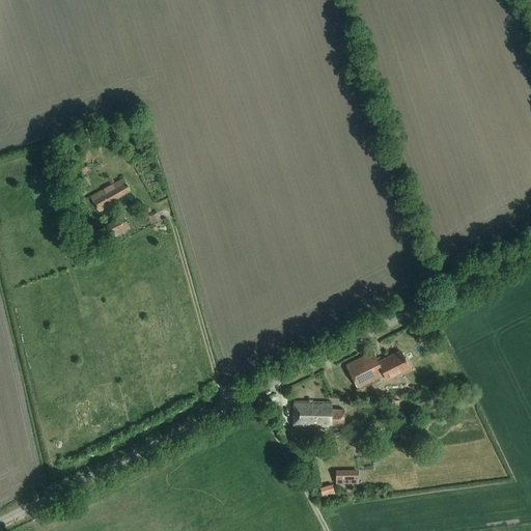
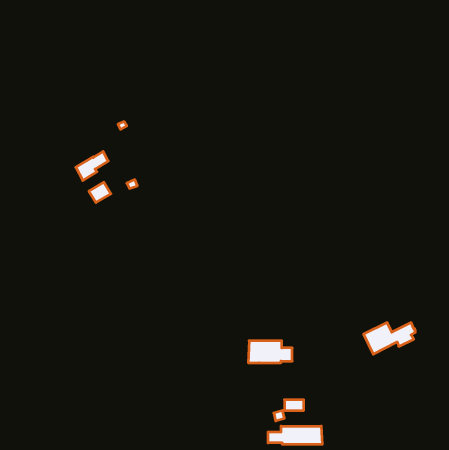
building: [345,352,407,389] -> [364,323,415,354]
building: none -> [268,426,322,444]

